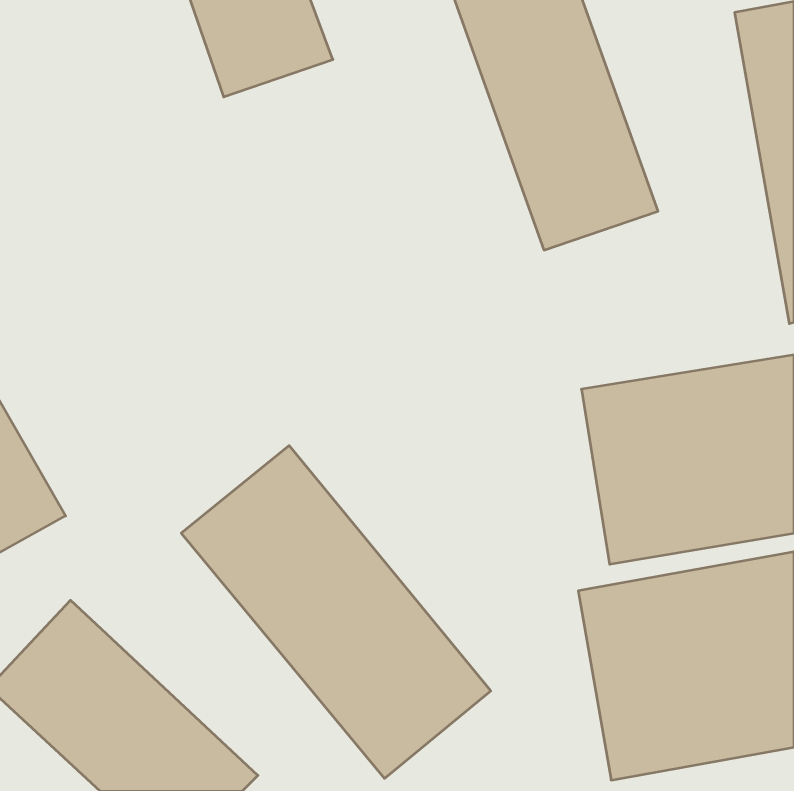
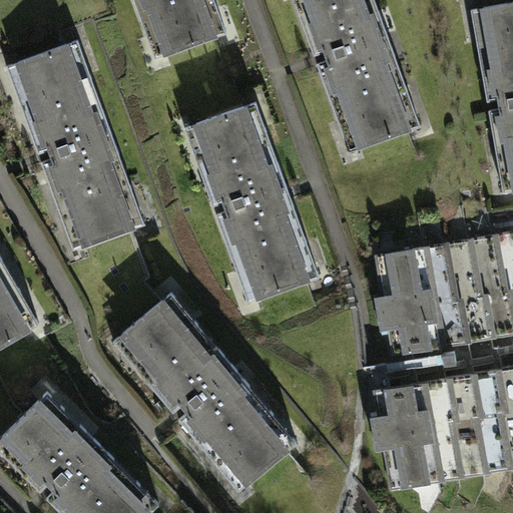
building: none -> [8,37,159,267]
building: none -> [184,101,319,306]

